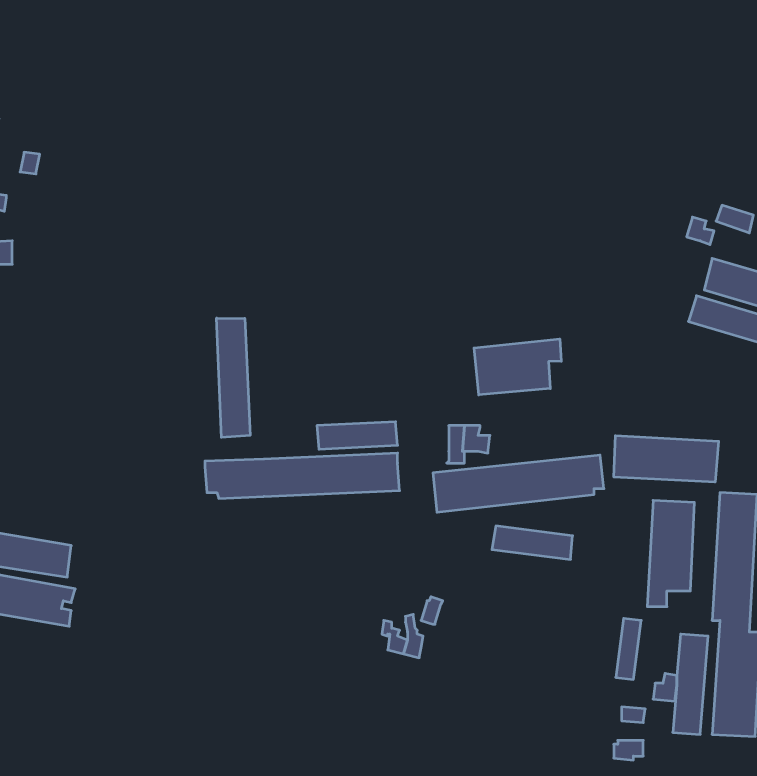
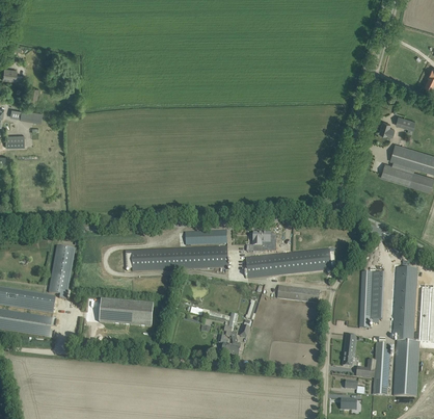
building: [217,318,250,437] -> none
building: [474,339,561,395] -> none
building: [614,436,719,482] -> none
building: none -> [49,245,75,298]
building: none -> [100,298,154,326]

